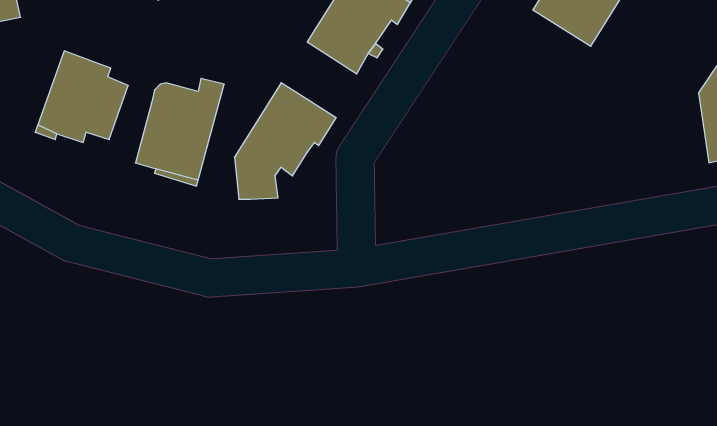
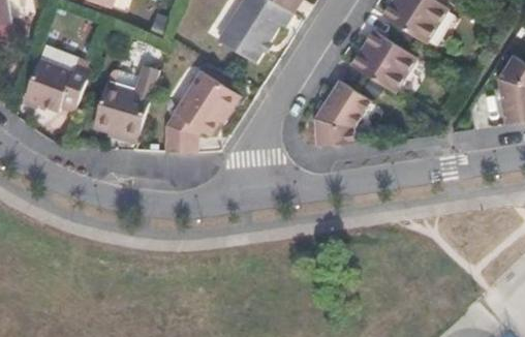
building: none -> [348,32,411,92]
building: none -> [314,79,369,150]

